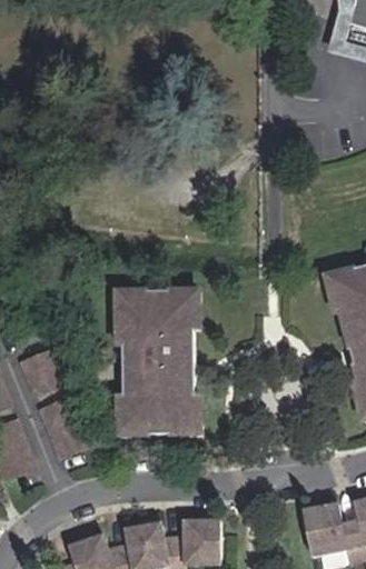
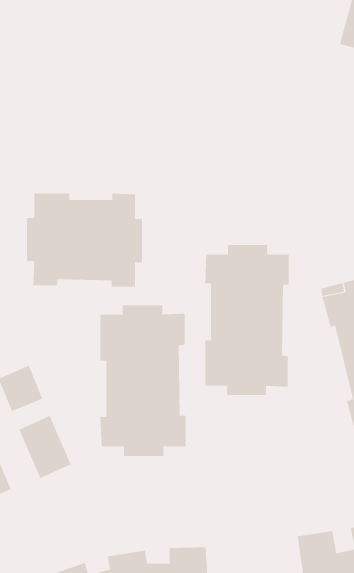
building: none -> [27,193,143,287]
building: none -> [205,244,289,396]

